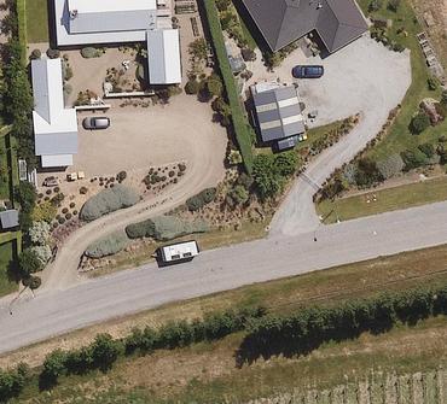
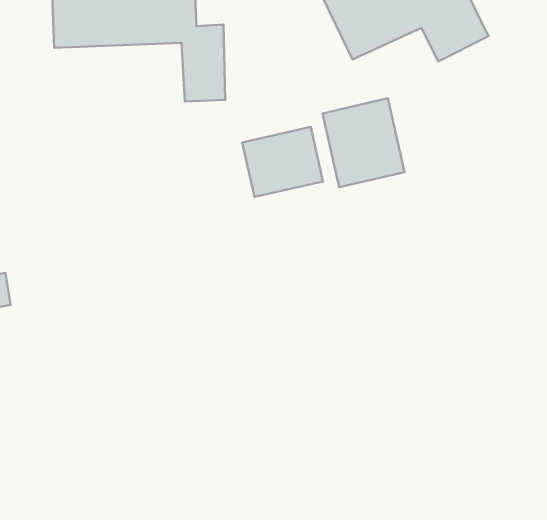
building: [29,55,79,169] -> none
building: none -> [242,127,323,197]

